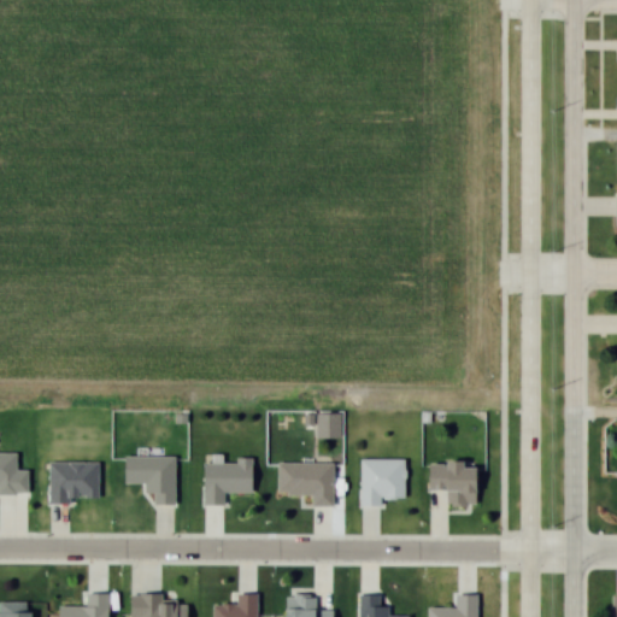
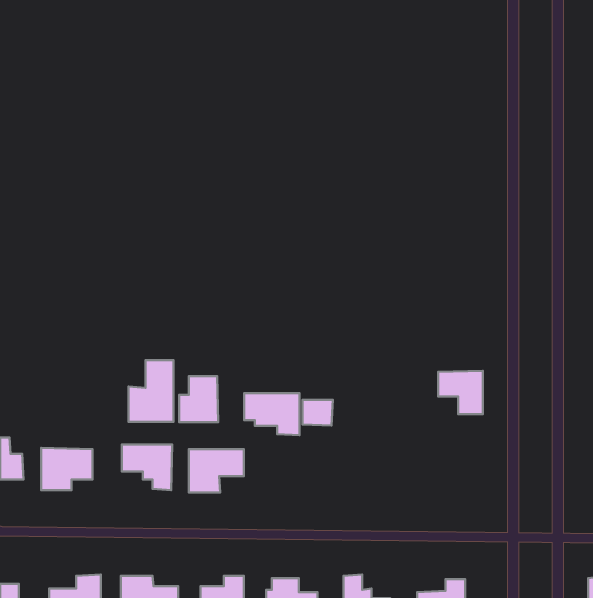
building: none -> [128,360,173,422]
building: none -> [179,376,218,422]
building: [359,459,407,510] -> none
building: [427,464,472,509] -> [438,371,483,414]
building: [286,465,342,509] -> [244,393,299,435]

